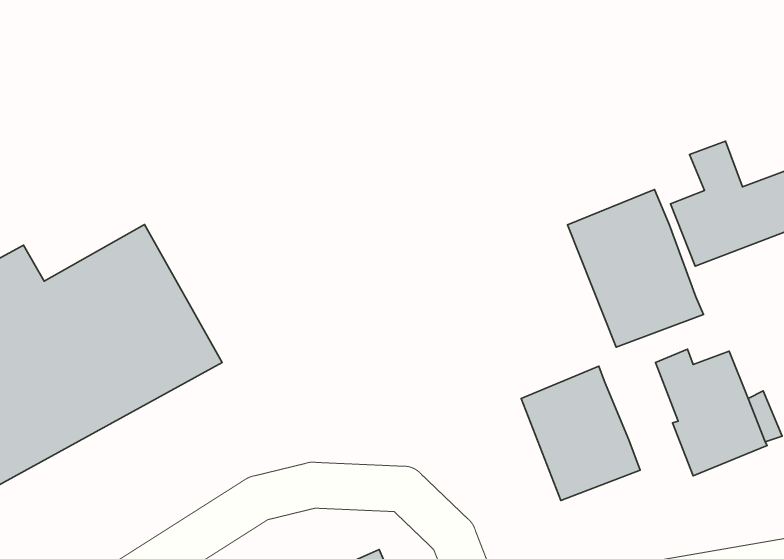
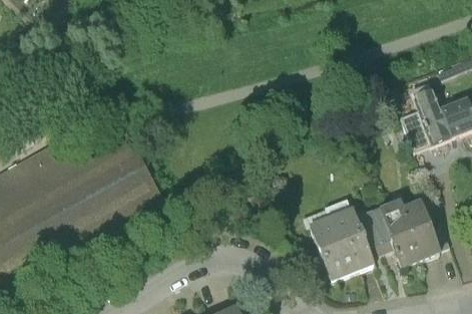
building: [567,189,703,347] -> none
building: none -> [356,205,395,246]

